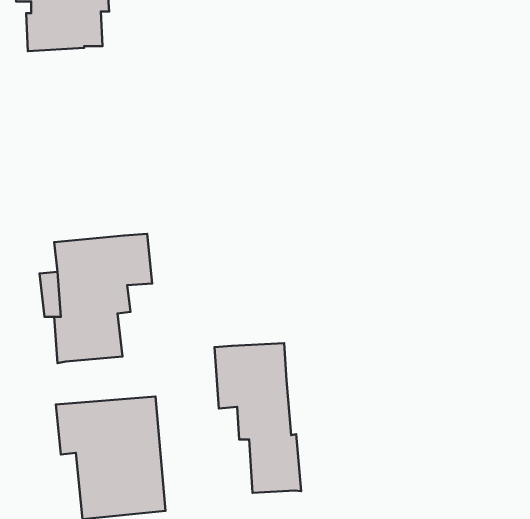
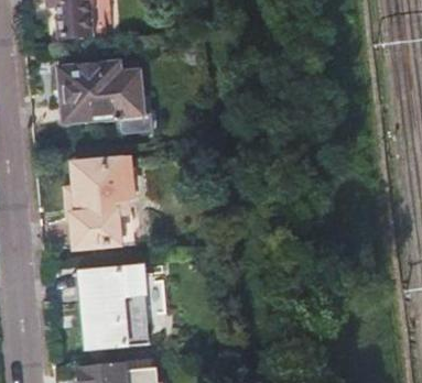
building: none -> [56,59,153,131]
building: [214,343,301,493] -> none

